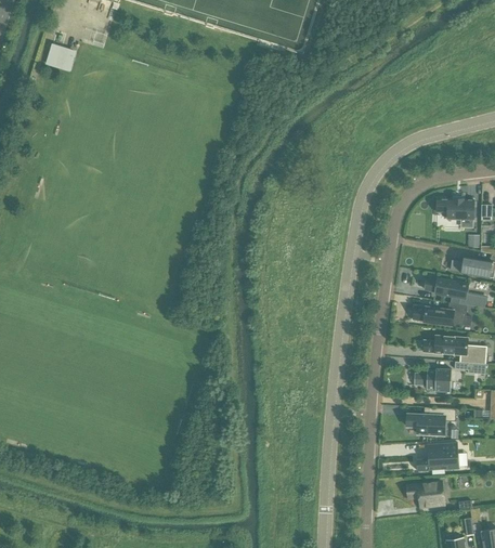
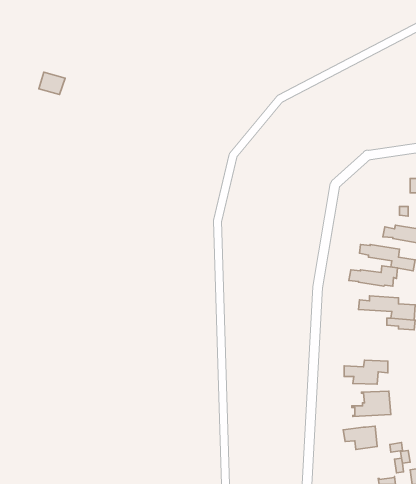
building: [47,45,76,70] -> [39,72,65,95]
building: [437,199,474,220] -> none
building: [415,368,452,392] -> none

